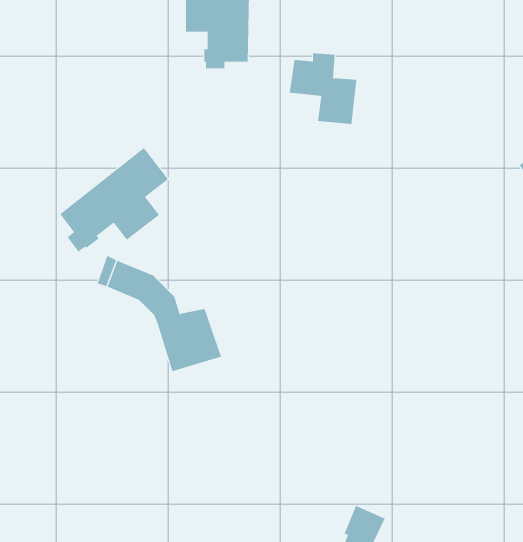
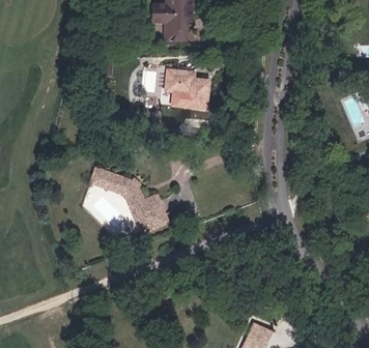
building: [289,53,357,125] -> [166,65,208,110]
building: [59,147,169,252] -> none

